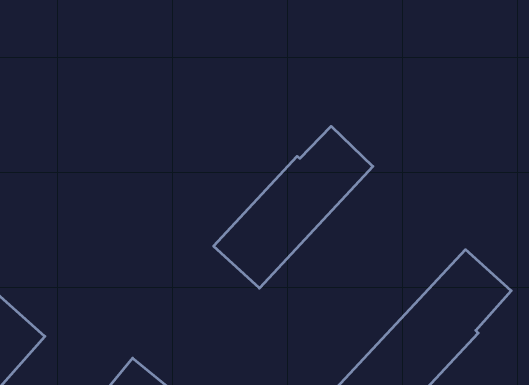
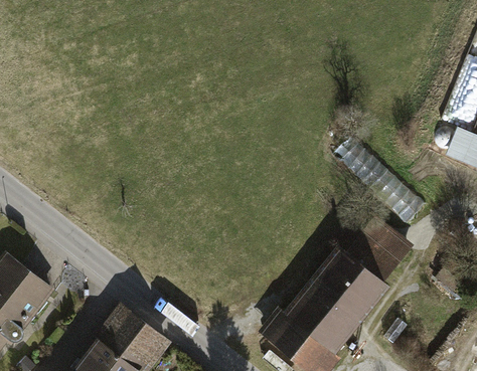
building: [214,126,373,288] -> none

